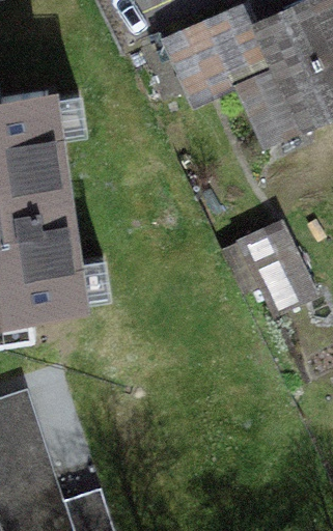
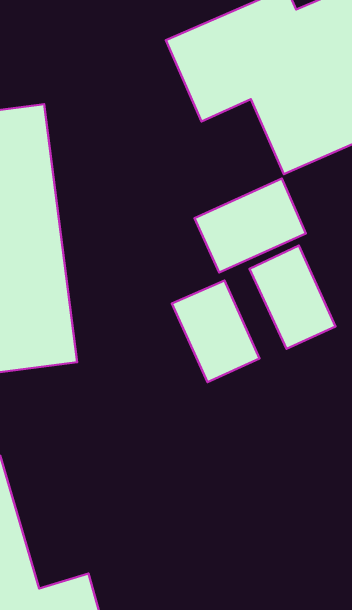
building: none -> [194,178,306,272]
building: none -> [172,280,259,382]

